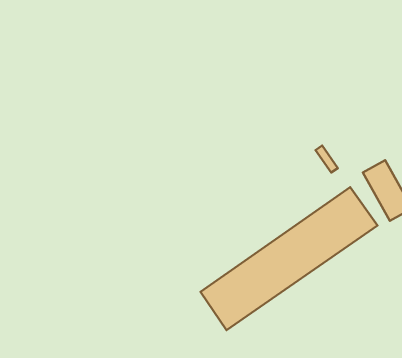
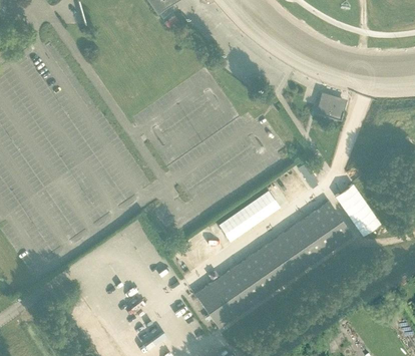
building: none -> [314,98,344,122]
building: none -> [217,192,278,243]

